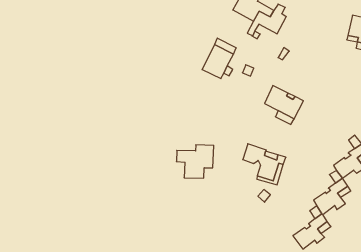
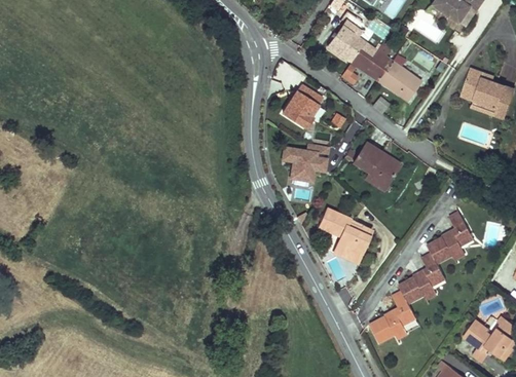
building: none -> [378,60,421,99]
building: [176,145,214,178] -> [282,143,329,184]

